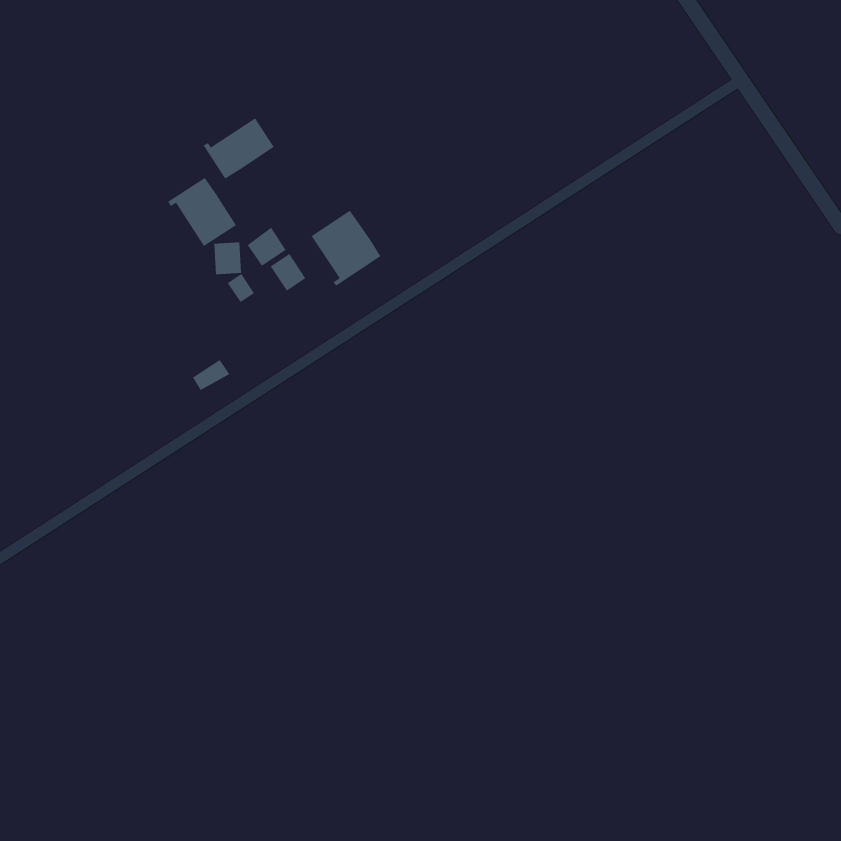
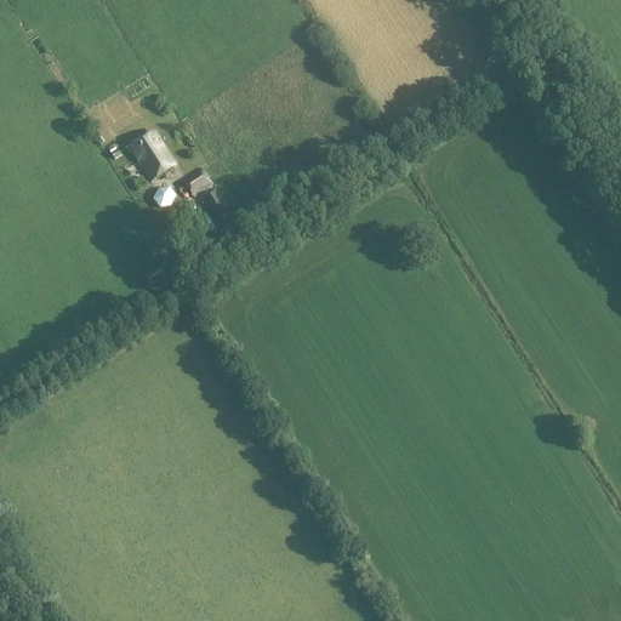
building: [203,118,275,179] -> none
building: [311,210,381,287] -> none

